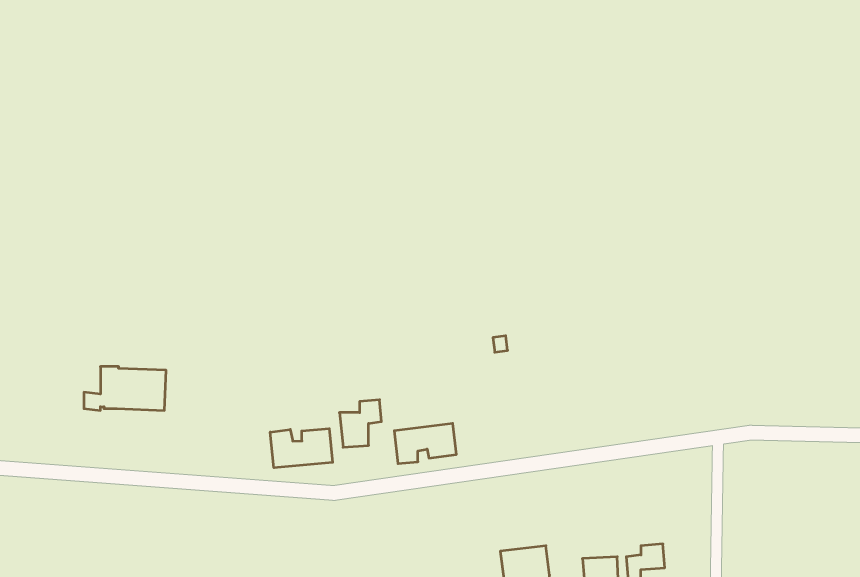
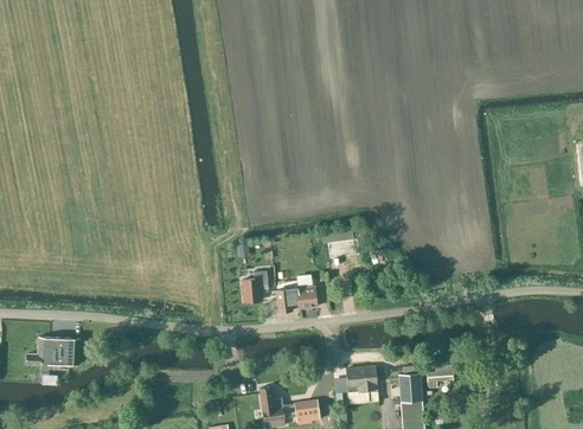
building: [84,367,166,410] -> [26,335,79,364]
building: [270,429,333,468] -> none

